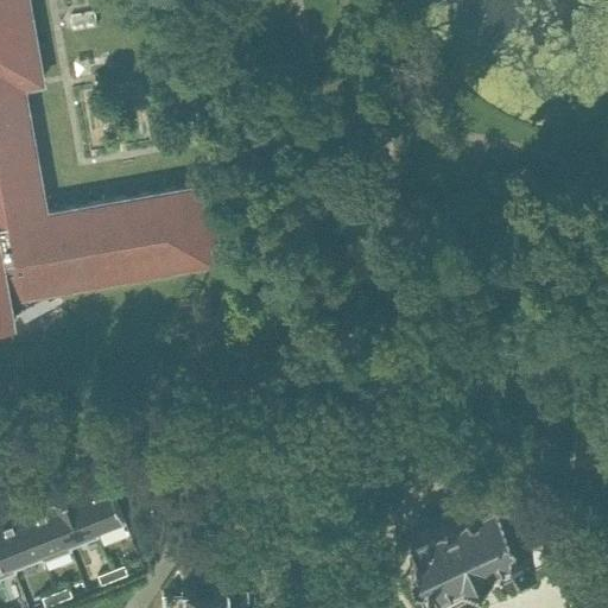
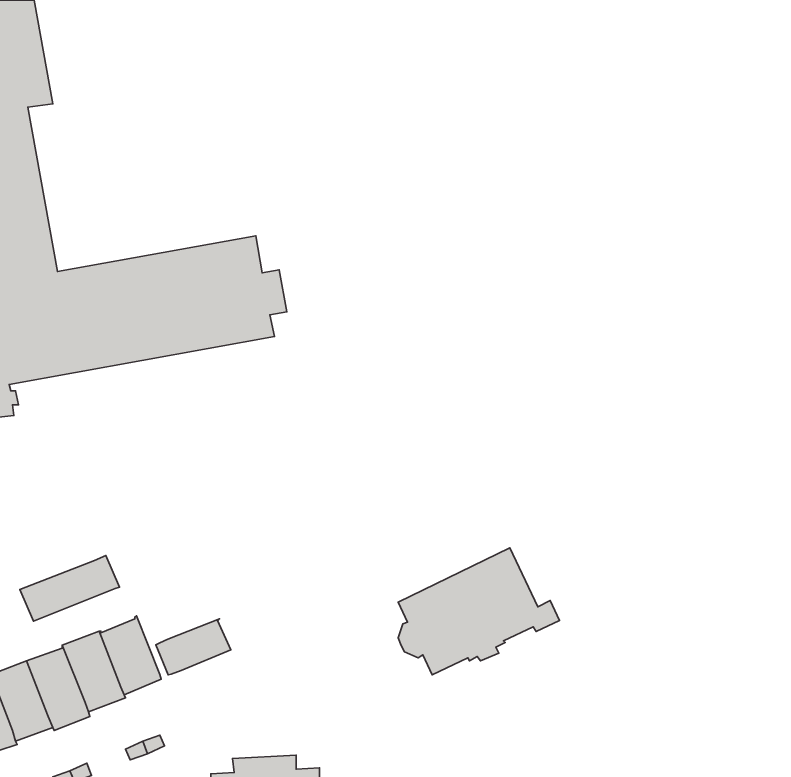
building: none -> [20,555,119,621]
building: none -> [156,619,231,675]
building: [407,502,531,600] -> [398,548,559,675]

